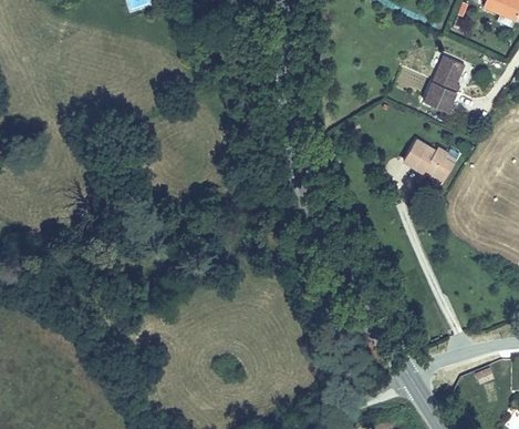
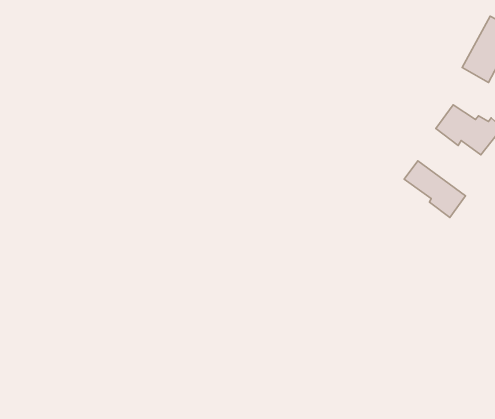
building: none -> [404,161,465,218]

